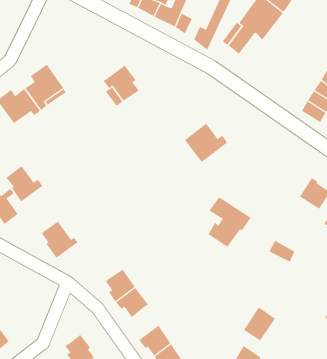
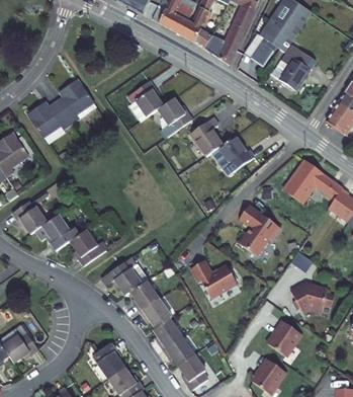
building: none -> [271,48,319,94]
building: none -> [159,95,193,134]
building: none -> [187,116,219,155]
building: none -> [278,161,337,205]
building: [6,166,43,202] -> [39,217,77,253]
building: none -> [99,258,140,298]
building: none -> [190,259,237,298]
building: none -> [291,283,335,308]
building: none -> [153,317,184,350]

